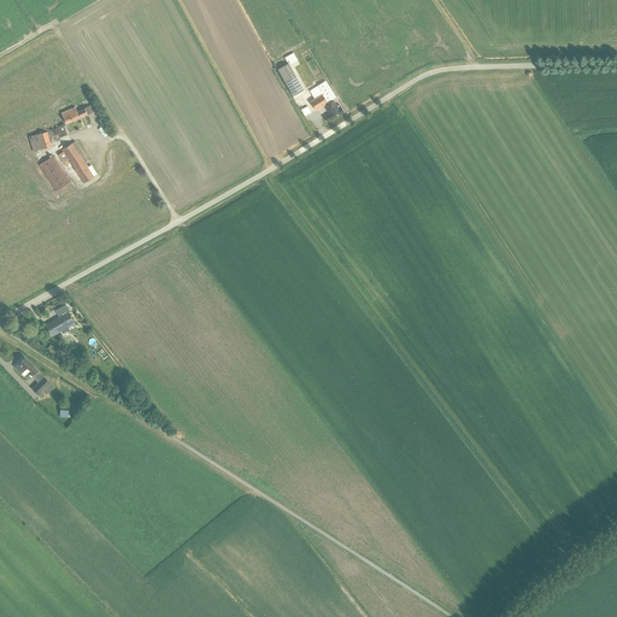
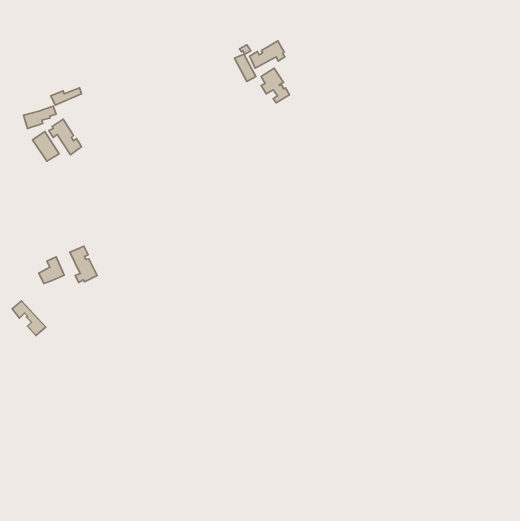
building: none -> [249,41,285,68]
building: none -> [70,246,97,283]

